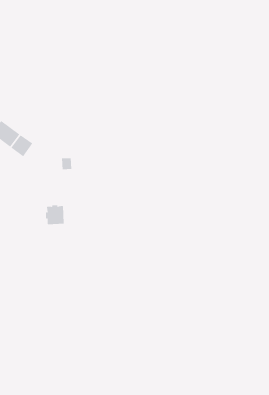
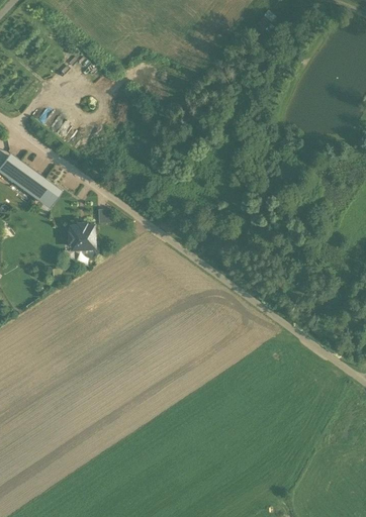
building: [44,205,64,225] -> [68,224,93,249]

